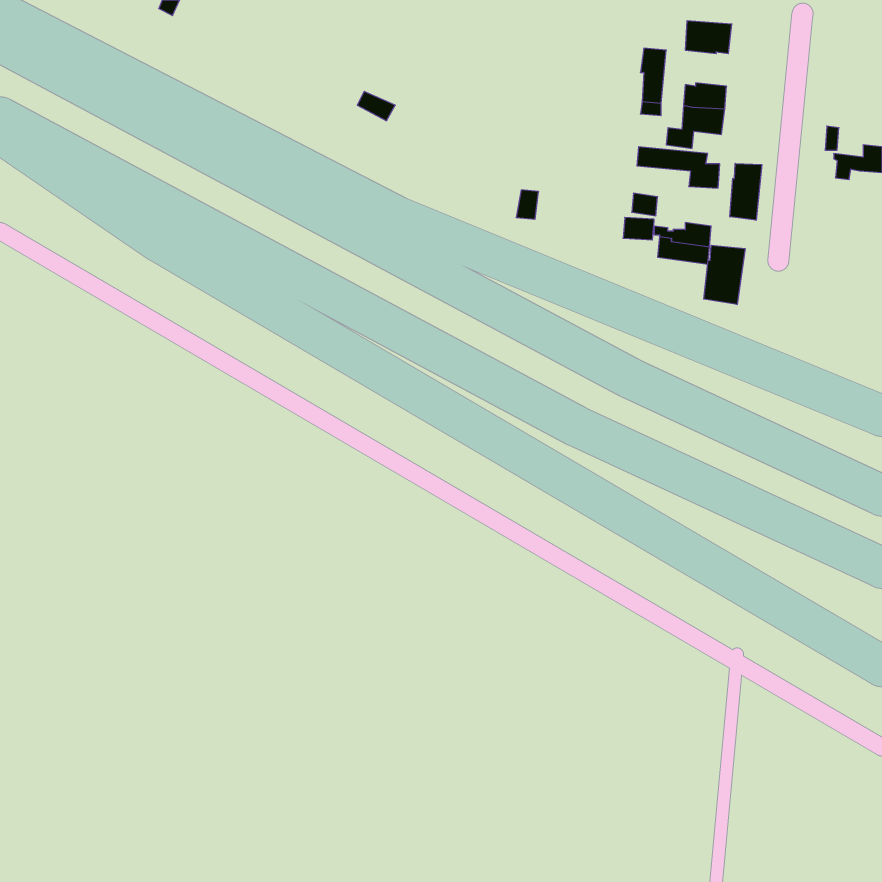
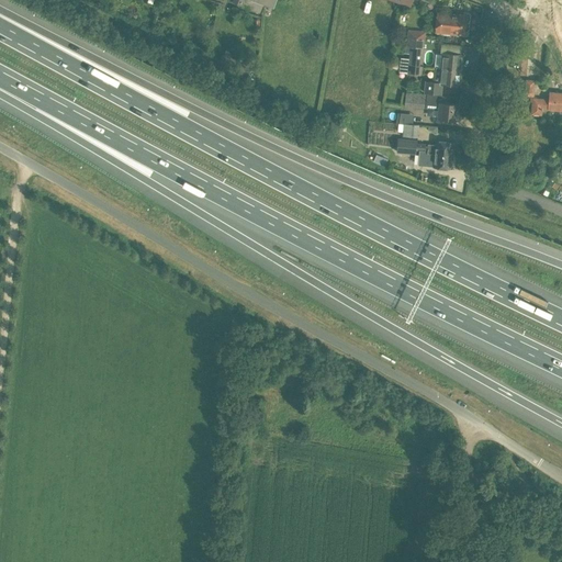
building: [730,163,762,220] -> none
building: [704,245,745,305] -> none

